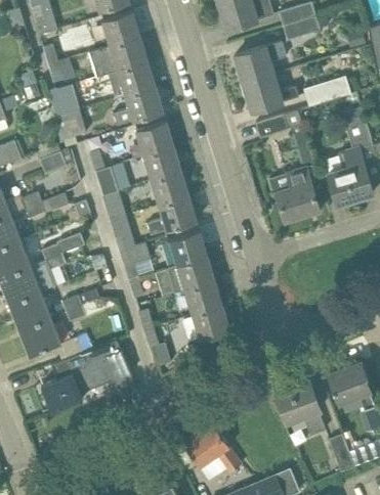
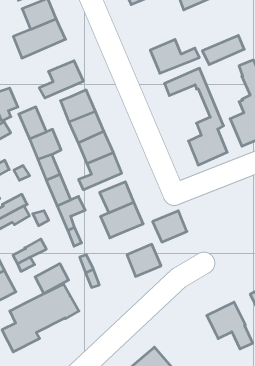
building: [234,43,285,84] -> none
building: [95,61,155,100] -> none
building: [183,281,221,315] -> [153,211,187,242]
building: none -> [35,264,69,293]

